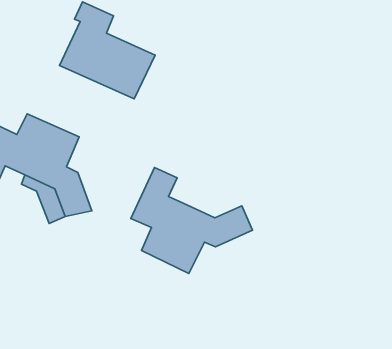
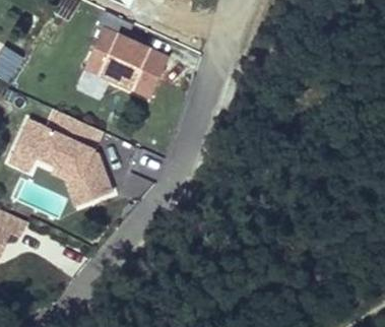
building: [131,168,253,274] -> none

